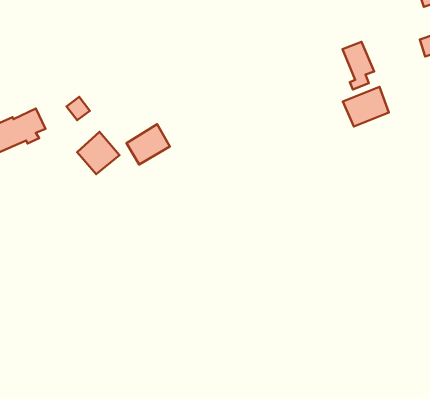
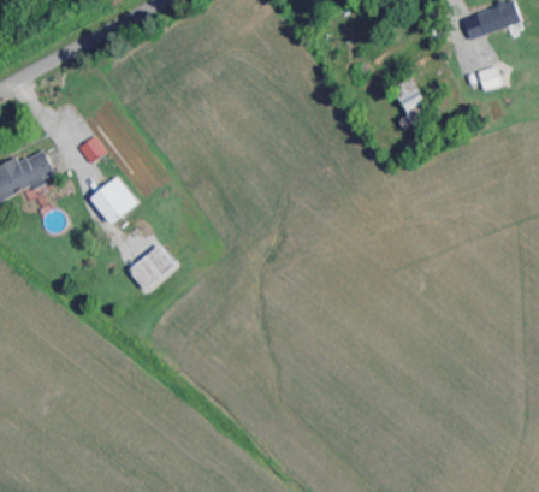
building: [343,87,389,127] -> none
building: [126,124,170,164] -> [126,245,176,291]

